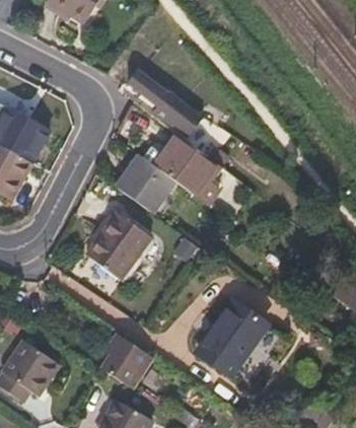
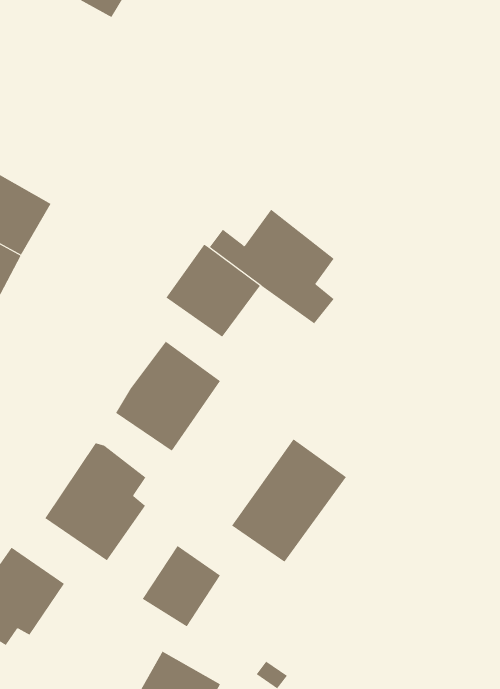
building: [135,74,204,134] -> none
building: none -> [45,442,146,561]
building: [197,301,267,376] -> [231,439,347,562]

